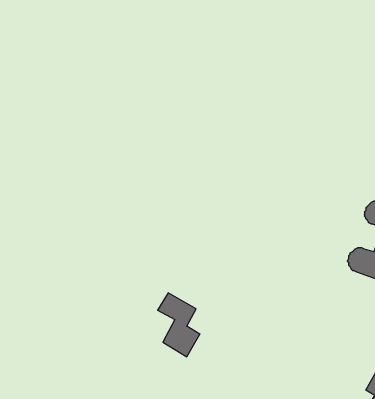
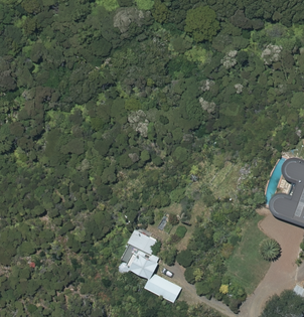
building: none -> [143,272,180,303]

